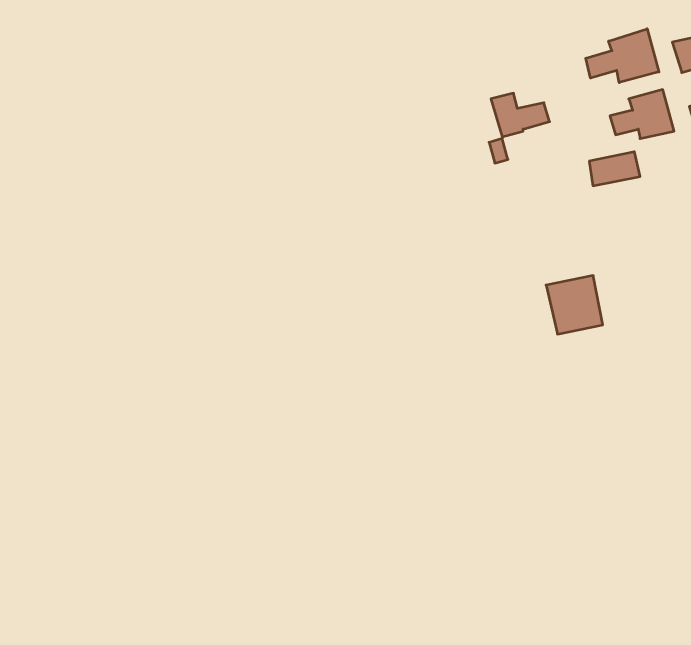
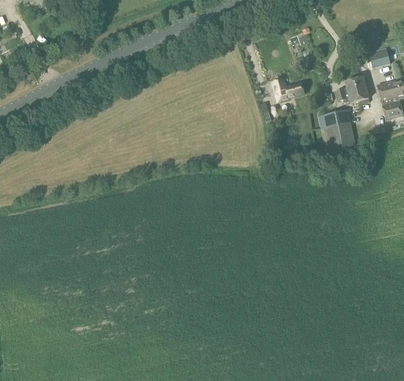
building: [586,29,659,83] -> none
building: [546,276,603,334] -> [325,121,355,152]

